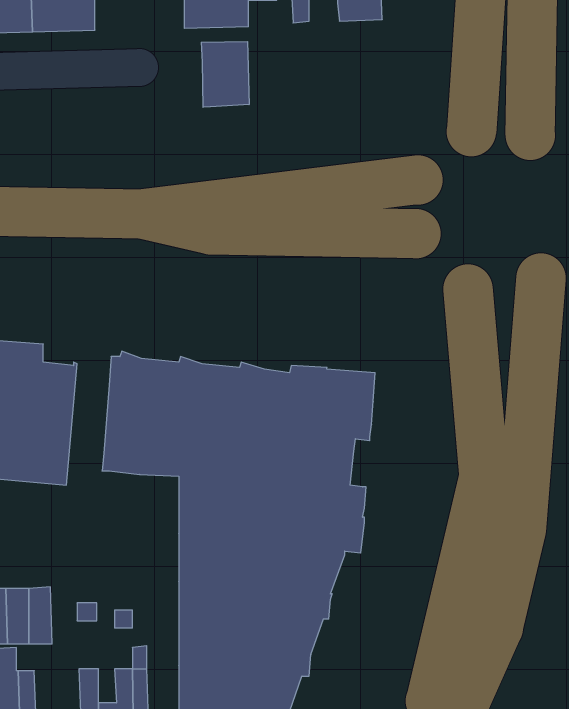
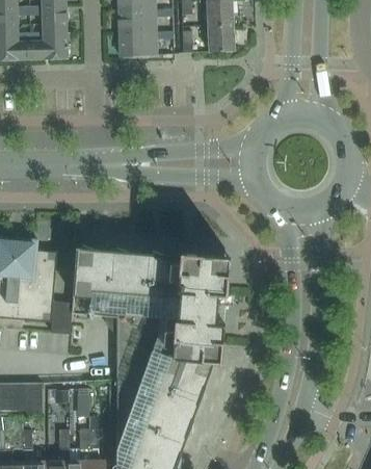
building: [201,42,249,107] -> none
building: none -> [51,302,72,334]

